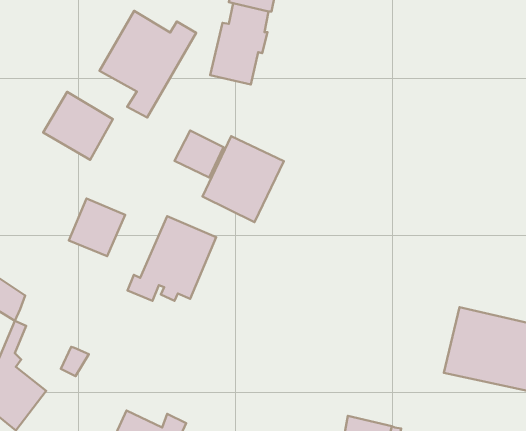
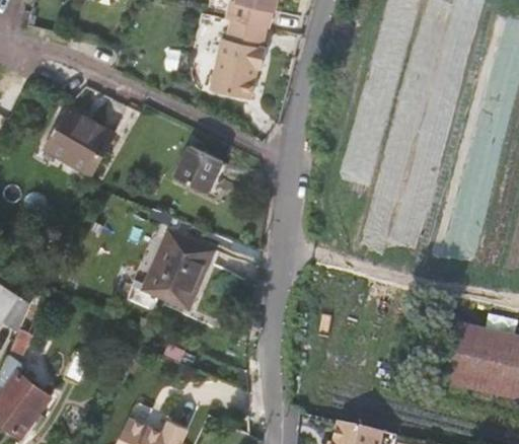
building: [100,11,196,118] -> none
building: [203,136,284,222] -> none
building: [69,198,125,256] -> none

